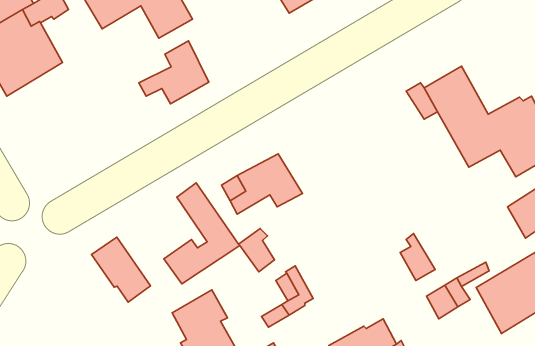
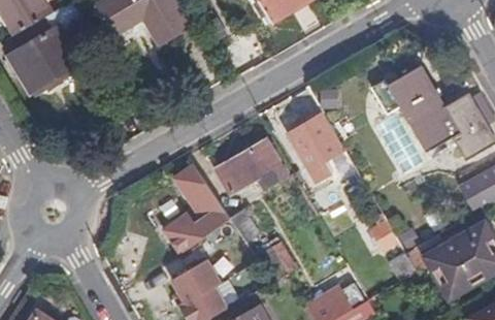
building: [139,41,209,104] -> none
building: none -> [287,114,344,182]
building: [91,237,150,302] -> none

